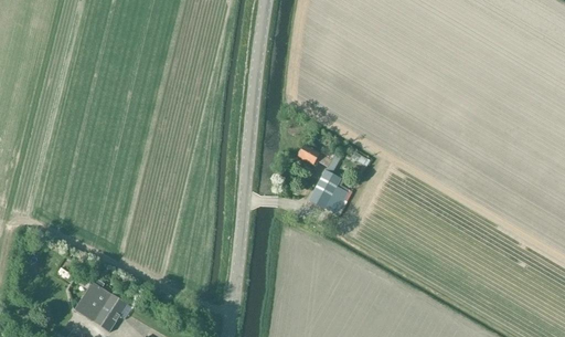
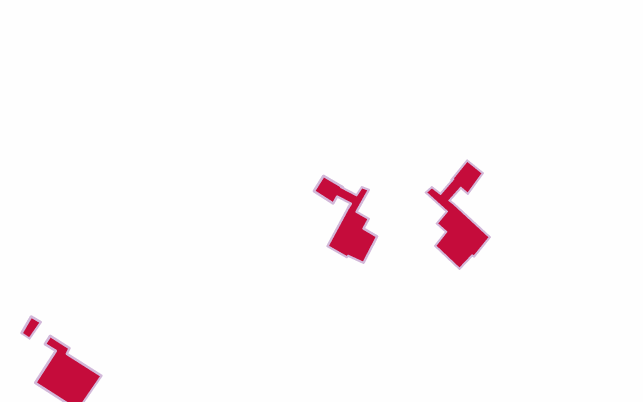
building: none -> [426,160,490,269]

